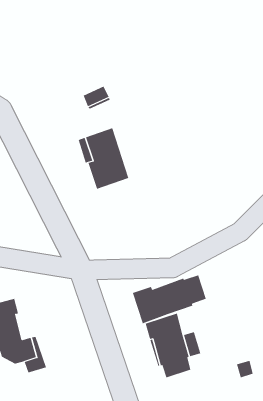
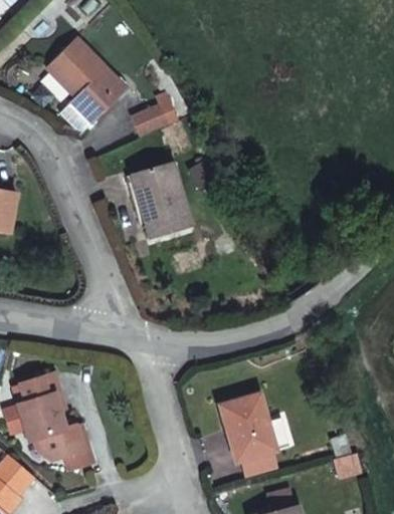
building: none -> [52,43,127,125]
building: [132,275,207,324] -> none

